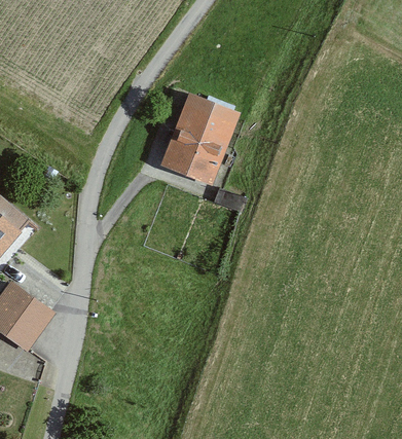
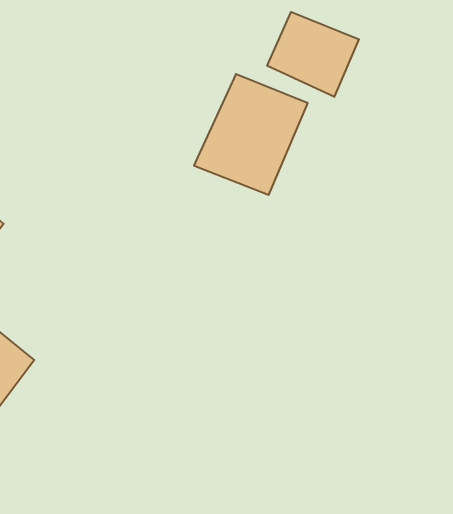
building: none -> [267,12,359,97]

